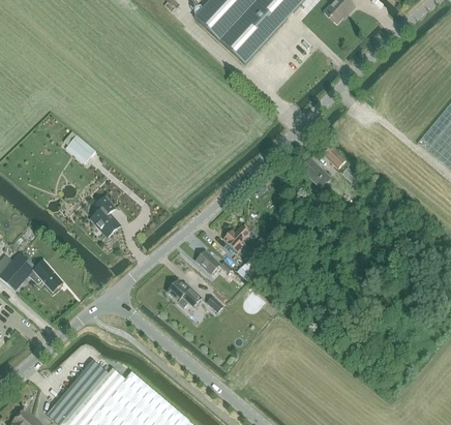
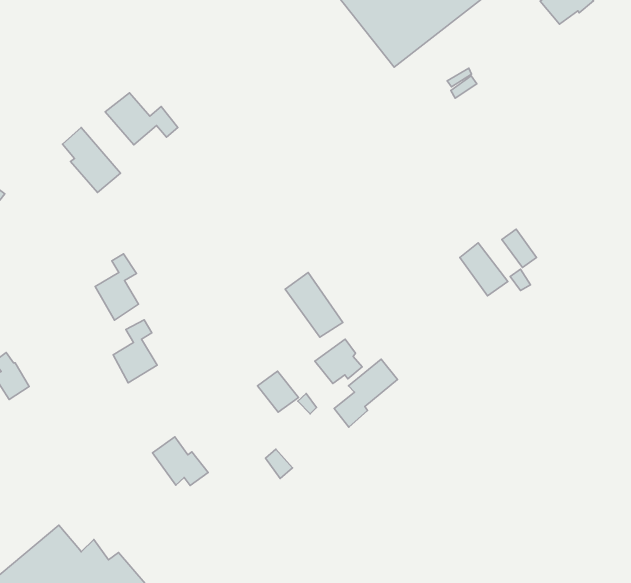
building: none -> [105,93,178,145]
building: none -> [285,273,343,337]
building: none -> [113,320,157,383]
building: [166,279,200,307] -> [153,437,208,486]

